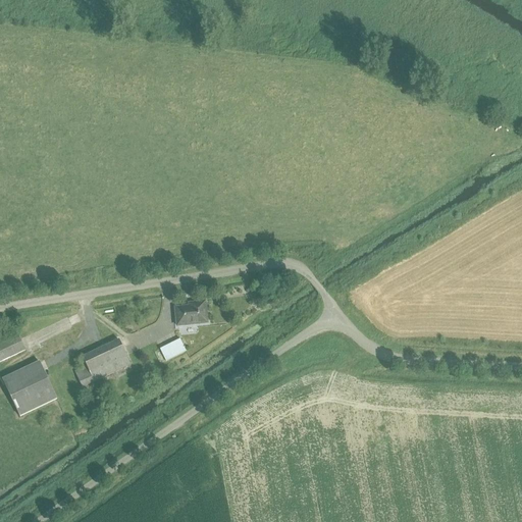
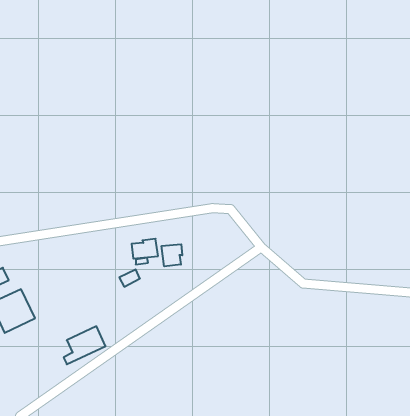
building: none -> [162,244,182,266]
building: [79,337,130,384] -> [64,326,106,364]

